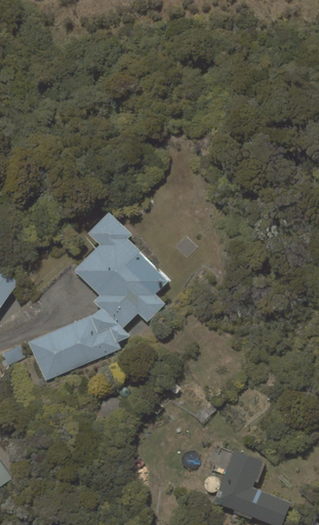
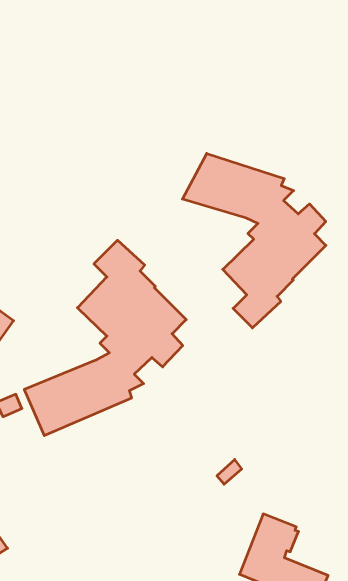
building: none -> [182,153,326,328]

